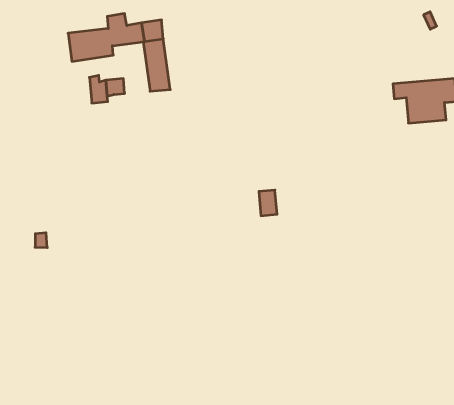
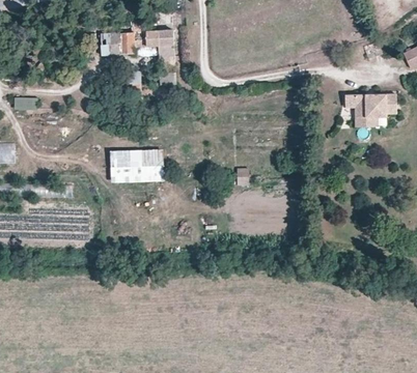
building: none -> [109,149,163,181]

